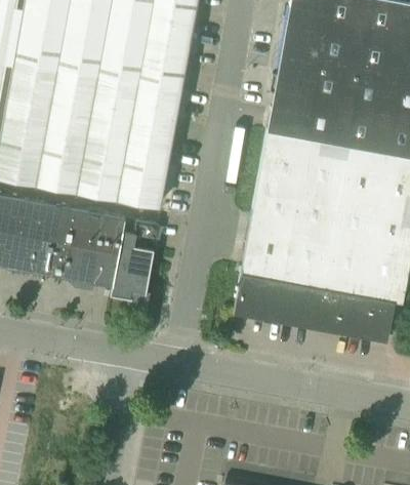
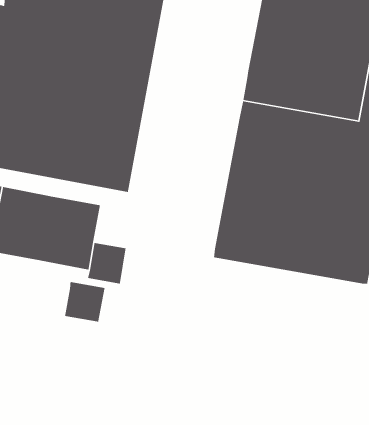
building: [118,218,159,264] -> none
building: [235,274,399,340] -> none
building: none -> [64,281,105,323]

